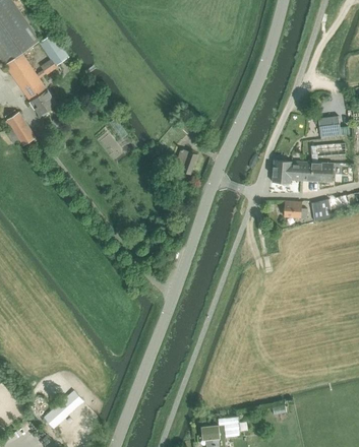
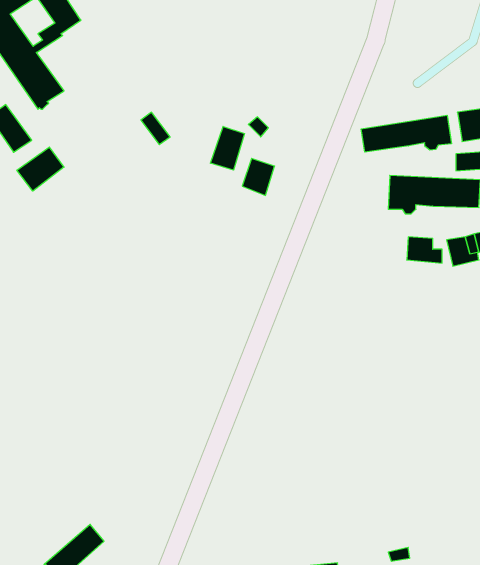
building: none -> [361,115,451,152]
building: none -> [210,126,244,170]
building: none -> [17,147,64,191]

